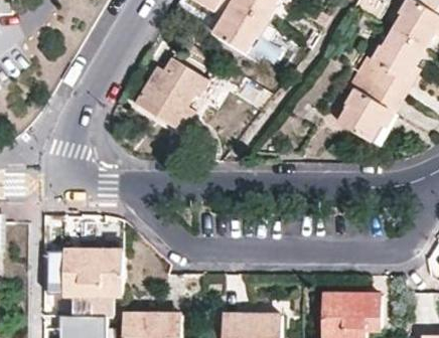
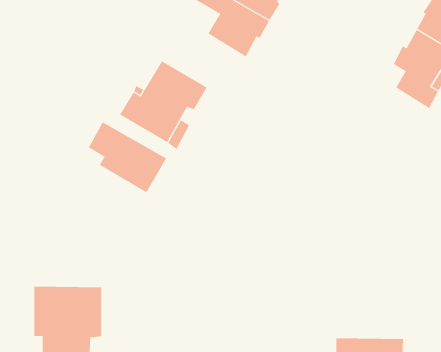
building: [337,79,403,147] -> none
building: none -> [88,121,167,193]

